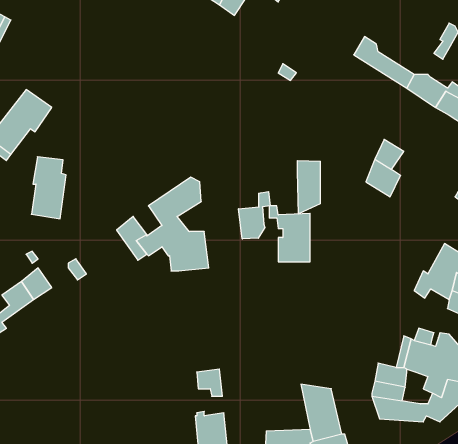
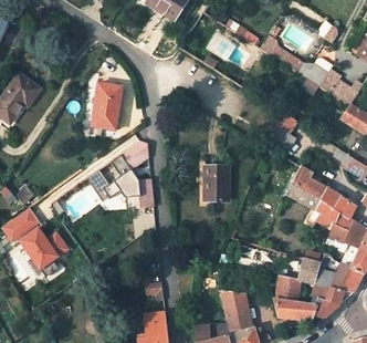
building: [31,157,66,219] -> [95,83,120,128]
building: [297,161,320,214] -> none
building: [239,192,270,239] -> none
building: none -> [286,165,327,209]
building: none -> [21,227,69,274]

